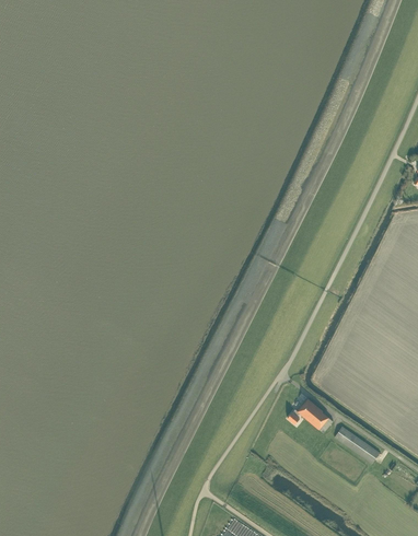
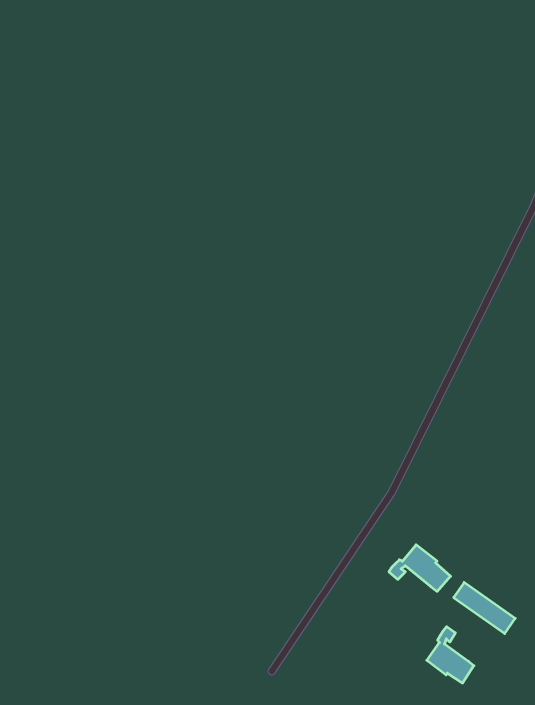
building: none -> [427,627,474,683]

